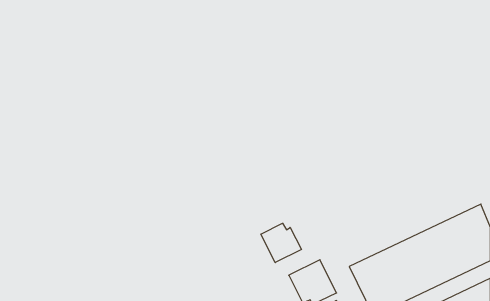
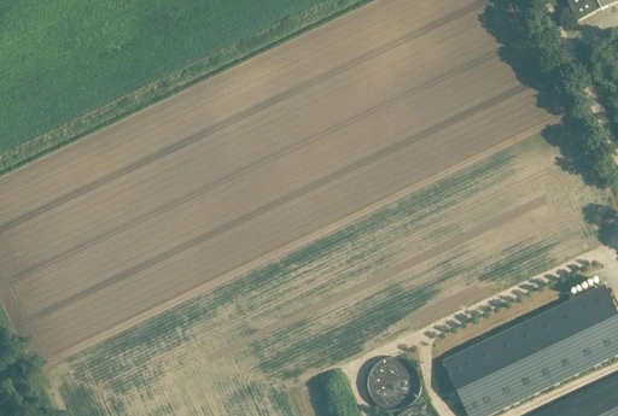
building: [261,223,301,263] -> none

